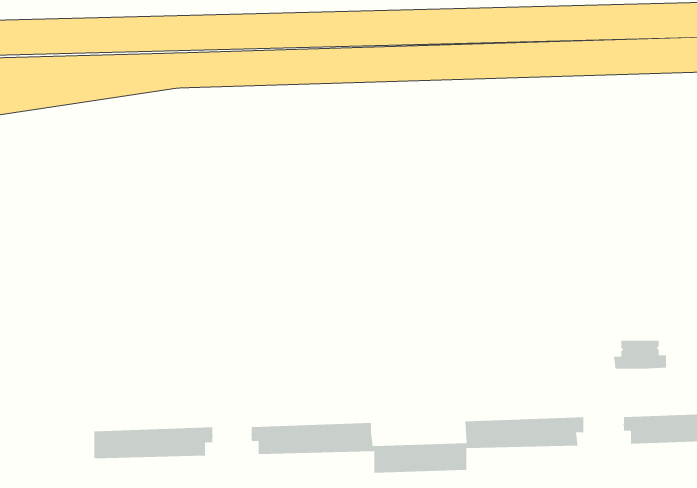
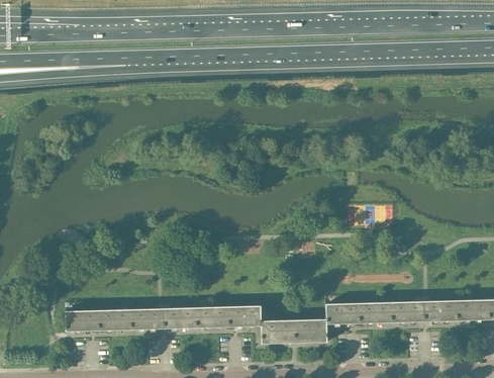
building: [613,340,667,369] -> [404,301,441,321]
building: none -> [144,308,181,328]

